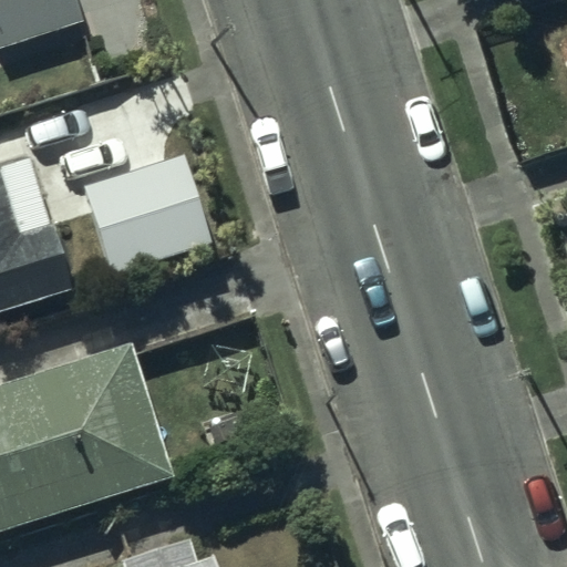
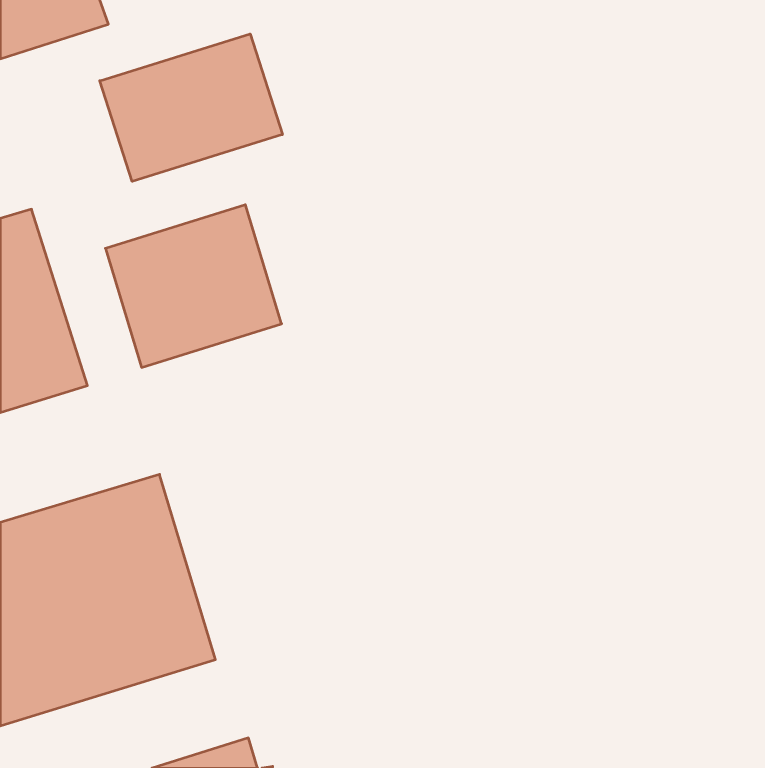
building: none -> [100,34,282,181]

